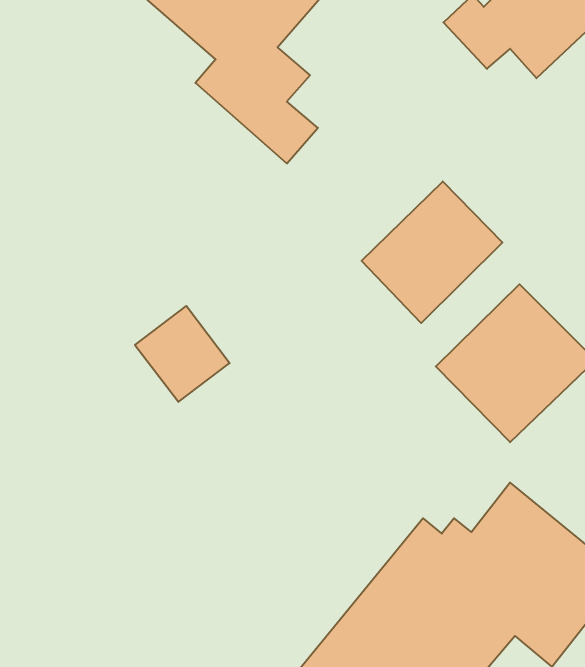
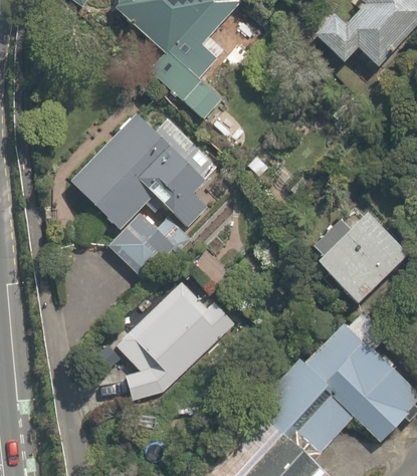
building: none -> [66,111,221,234]
building: [362,181,502,323] -> none
building: none -> [113,277,246,404]

